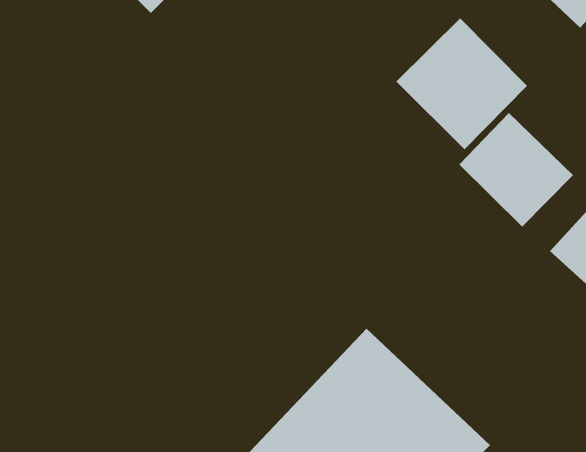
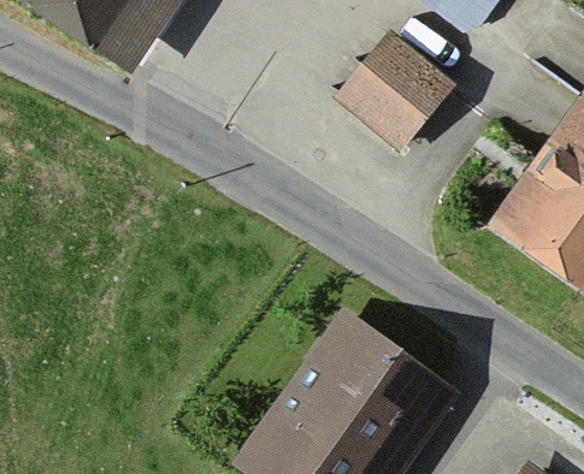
building: [459,112,574,227] -> none

